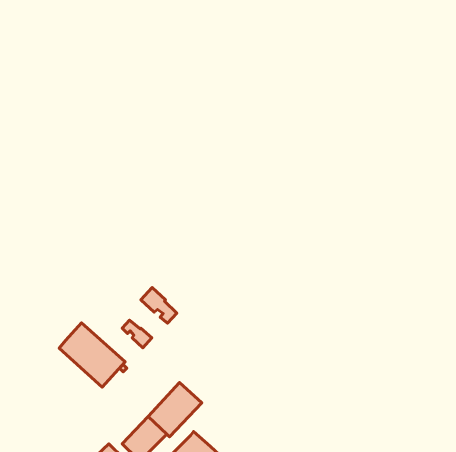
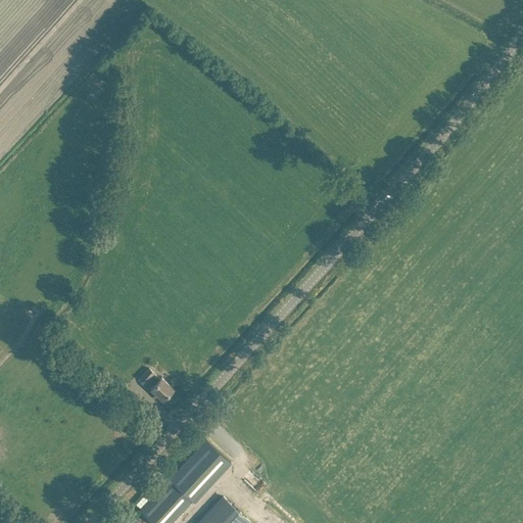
building: [141,288,177,323] -> none
building: [59,323,125,387] -> none

